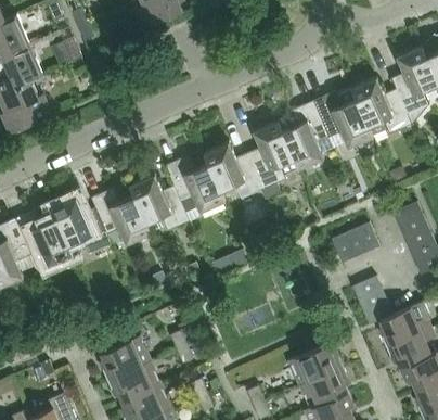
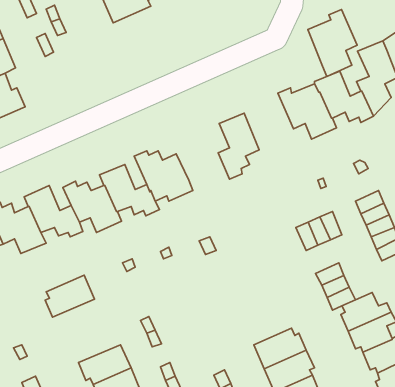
building: [279,100,330,169] -> [308,9,357,77]
building: [203,141,263,194] -> none
building: [100,335,151,379] -> [45,275,95,317]

